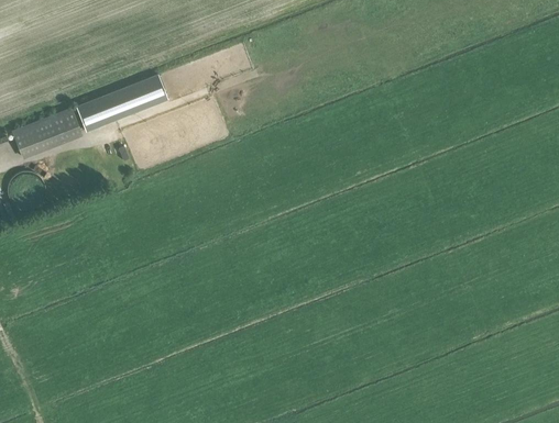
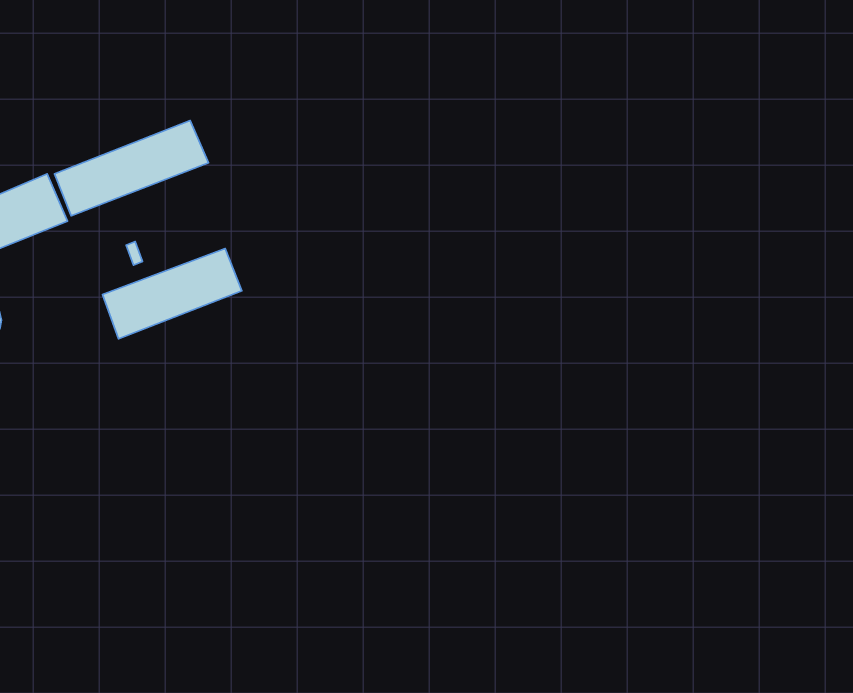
building: none -> [102,249,242,339]

